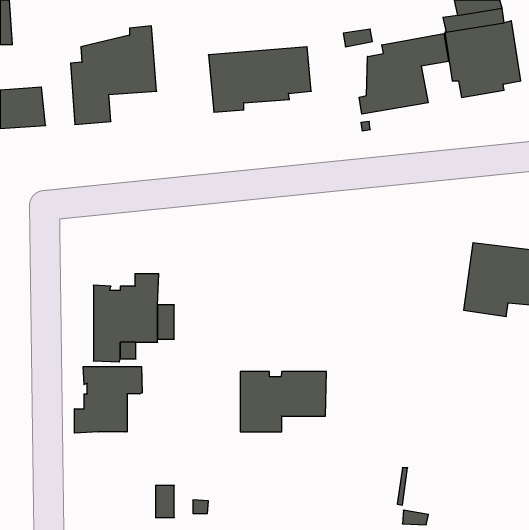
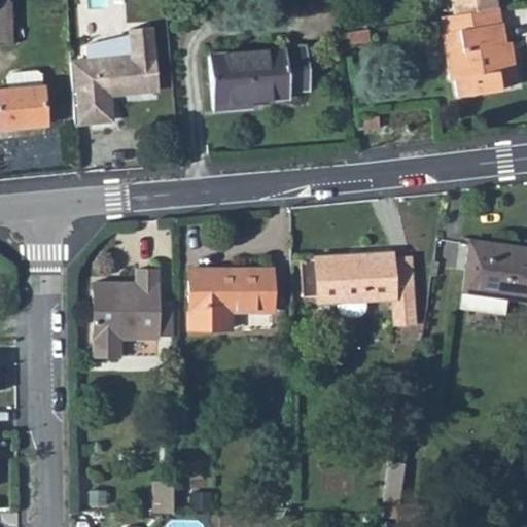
building: [359,34,449,114] -> none
building: none -> [301,252,416,326]
building: [75,367,142,433] -> none
building: [240,372,326,432] -> [188,270,274,329]

